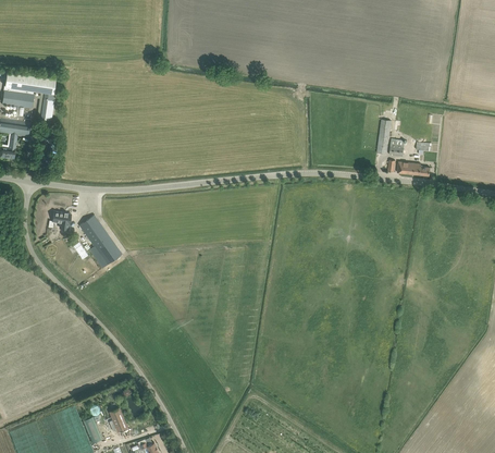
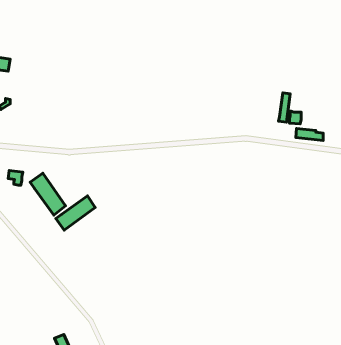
building: none -> [56,196,95,230]

